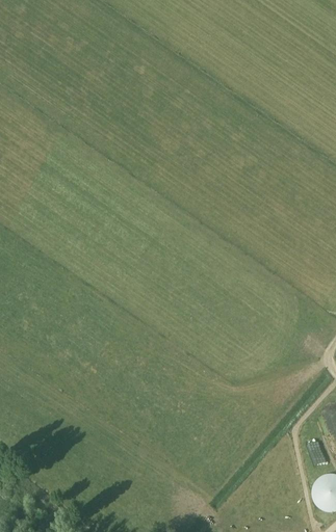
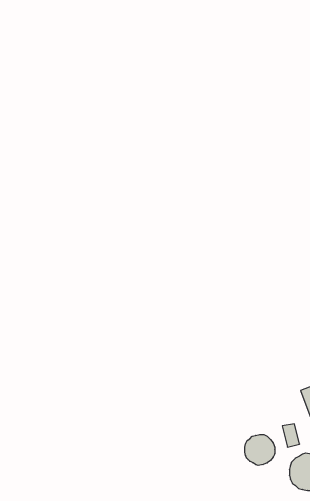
building: none -> [245,435,275,465]

